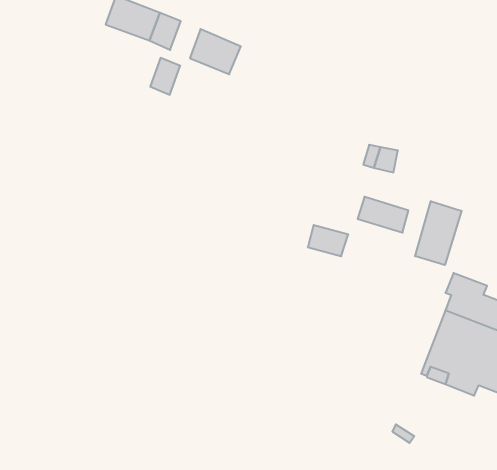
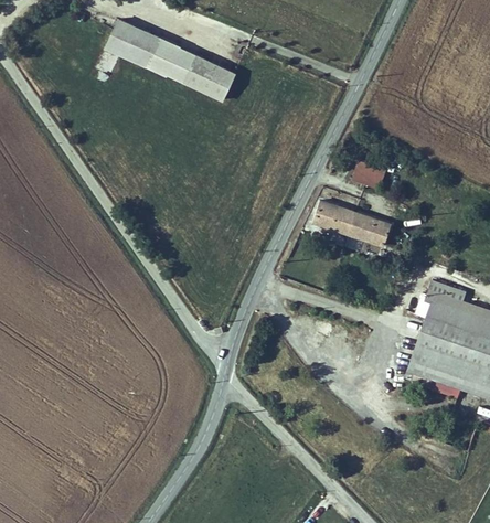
building: [150,58,180,95] -> [166,43,194,78]
building: [415,201,462,265] -> none
building: [308,225,348,256] -> [312,202,351,232]

